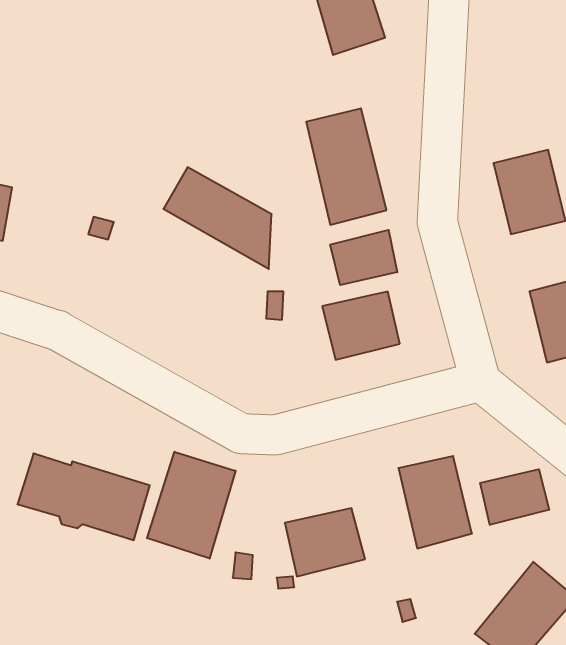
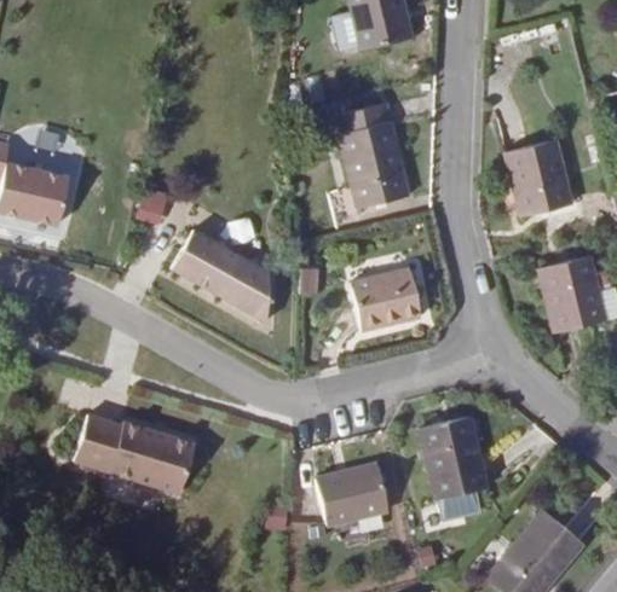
building: [163,167,272,269] -> [172,230,270,321]
building: [330,230,397,285] -> none
building: [147,452,236,559] -> none
building: [480,469,549,525] -> none

